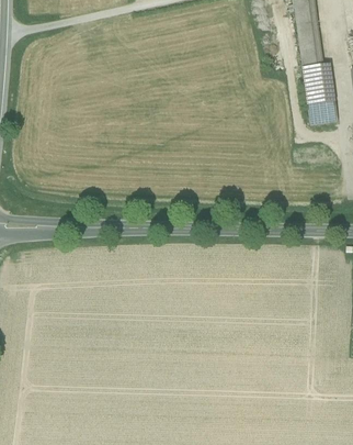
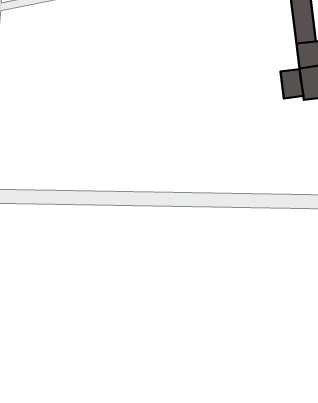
building: none -> [281,69,303,98]

